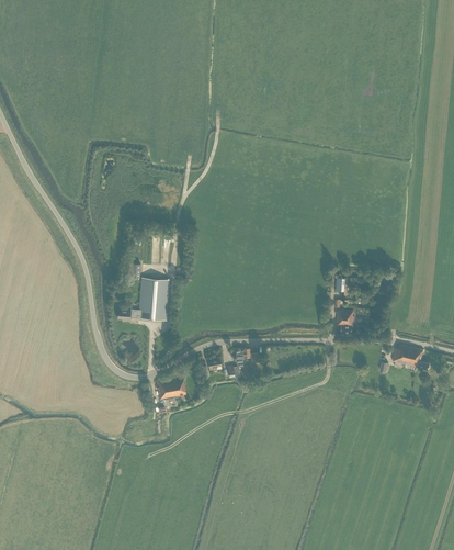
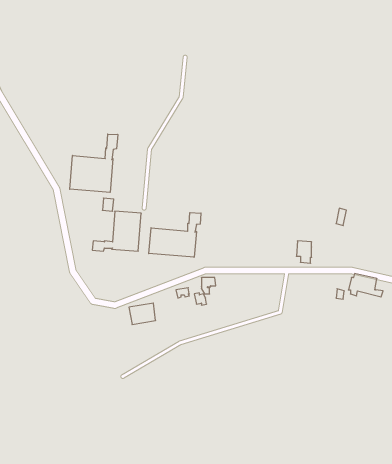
building: none -> [70,134,118,192]
building: none -> [149,213,201,257]

